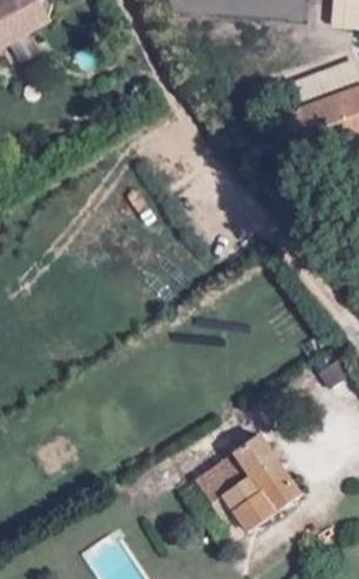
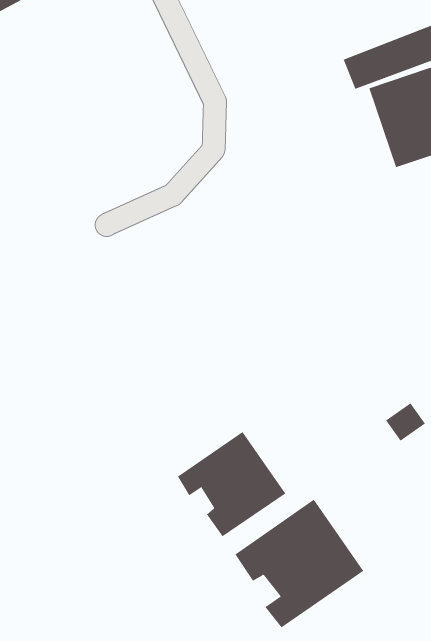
building: none -> [177,431,286,537]

